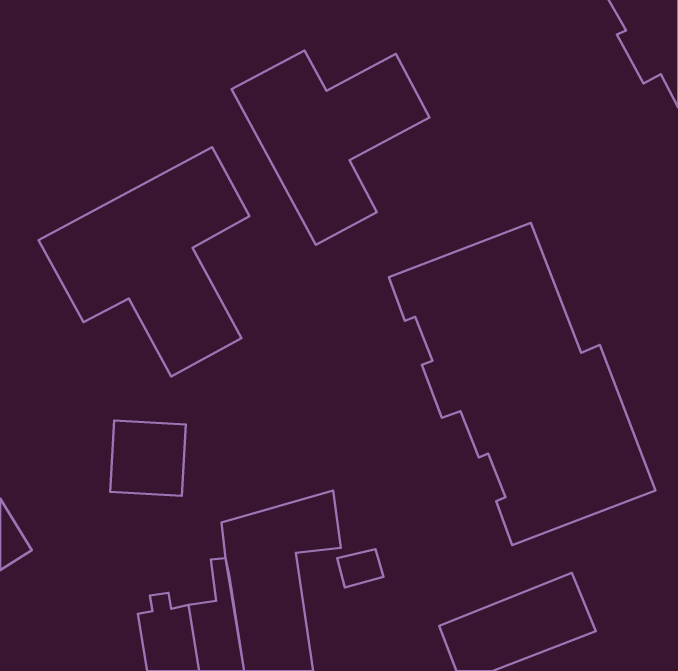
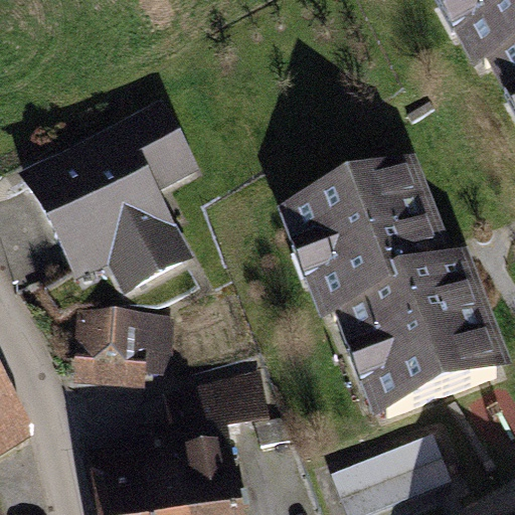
building: [231,51,430,245] -> none

